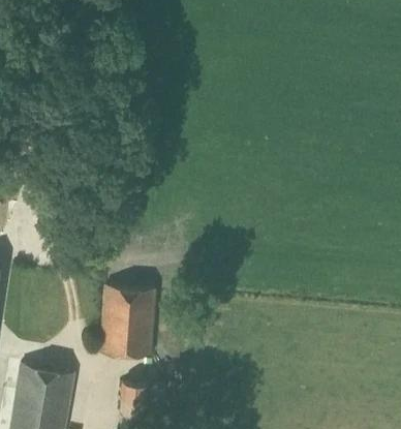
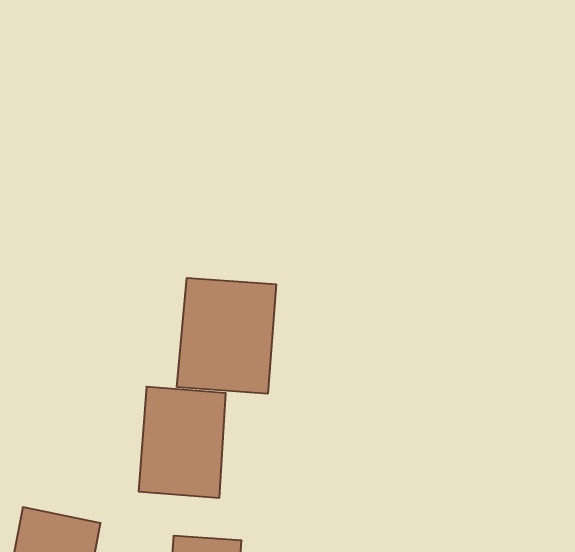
building: none -> [177,278,276,394]

